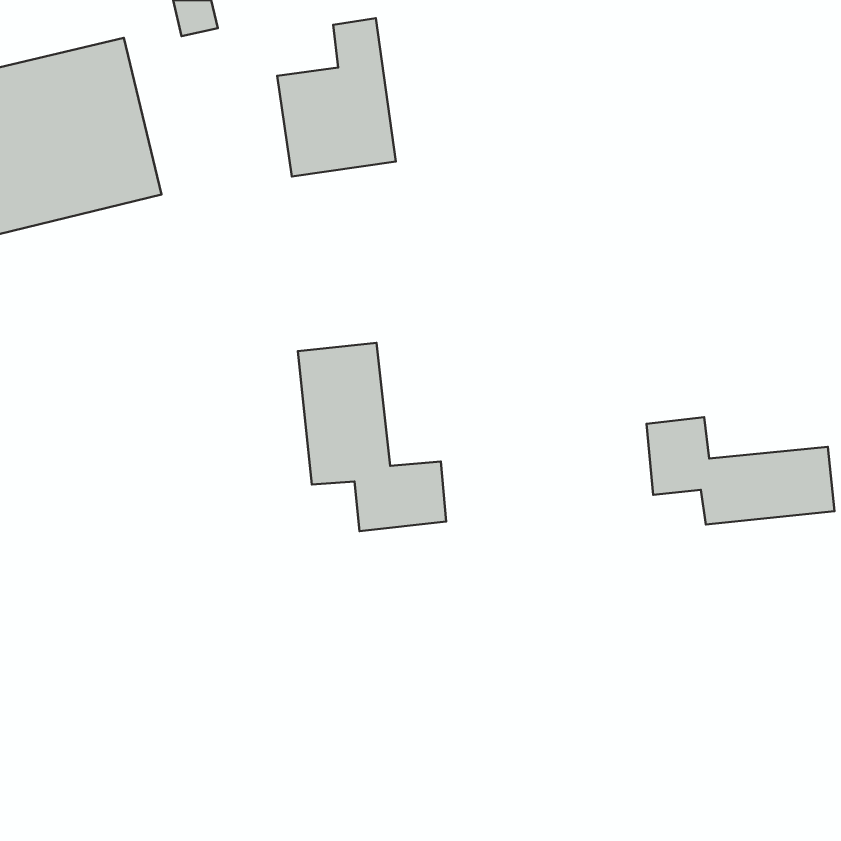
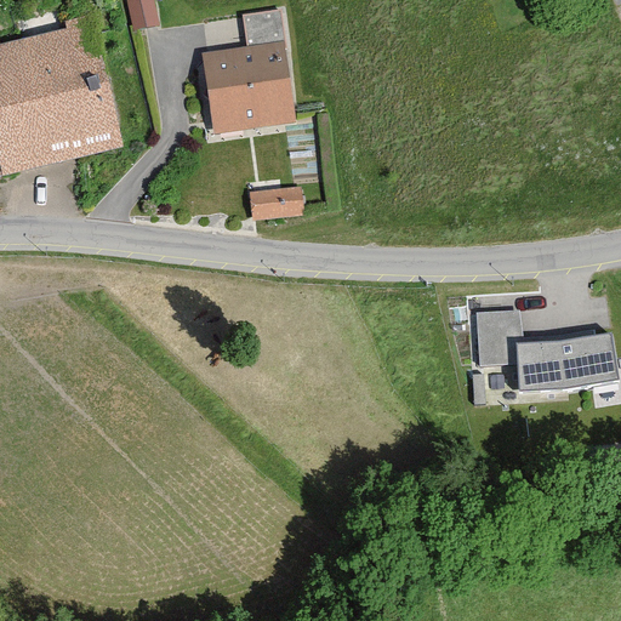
building: none -> [252,190,301,220]
building: [298,343,446,531] -> none

